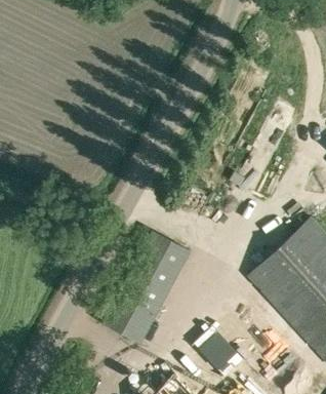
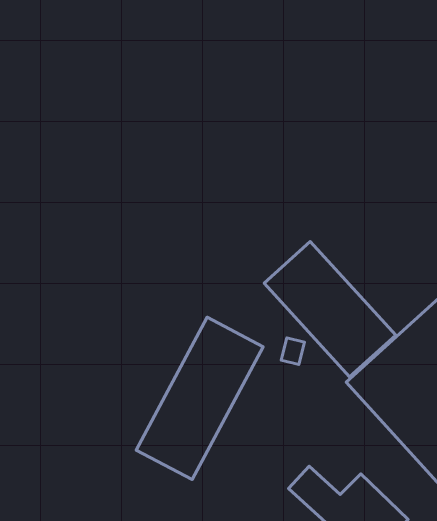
building: none -> [264,242,396,377]

